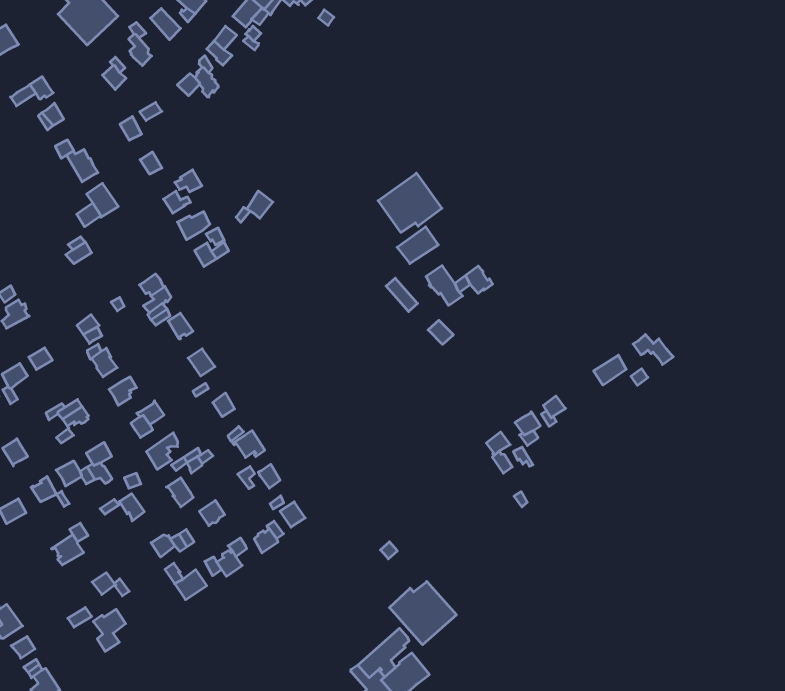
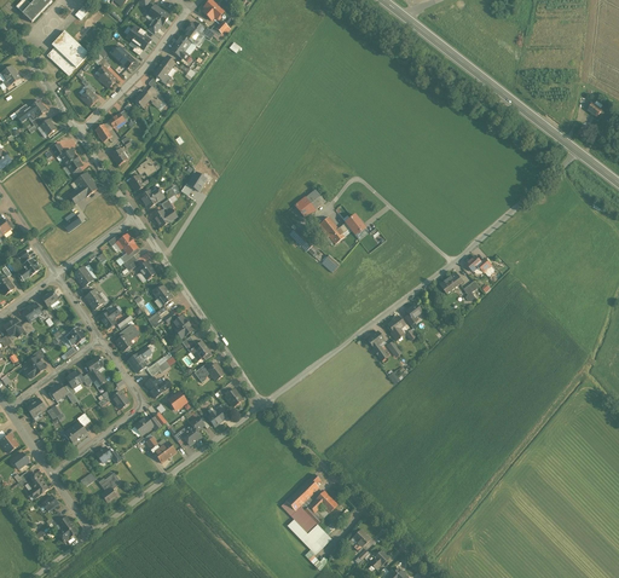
building: [378,173,442,232] -> none
building: [389,581,456,645] -> none

